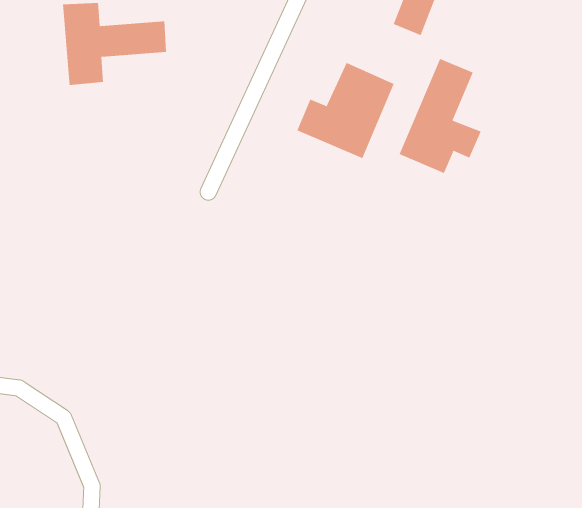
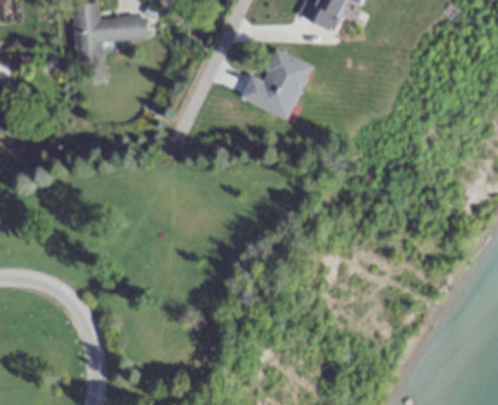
building: [399,58,481,174] -> none

